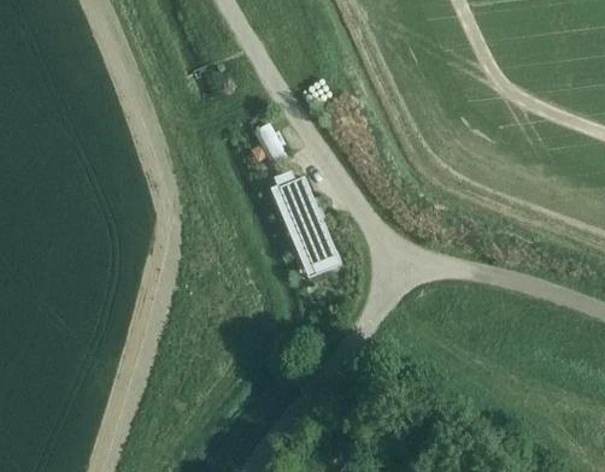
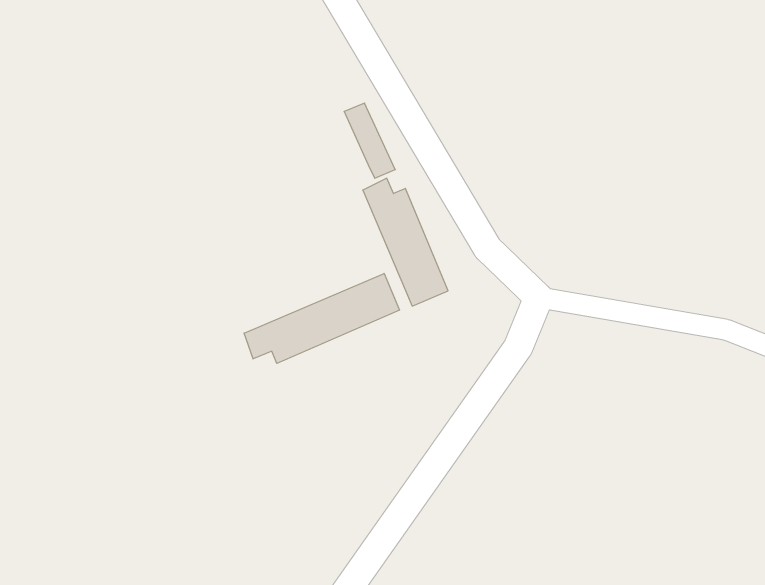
building: none -> [244,273,400,363]

